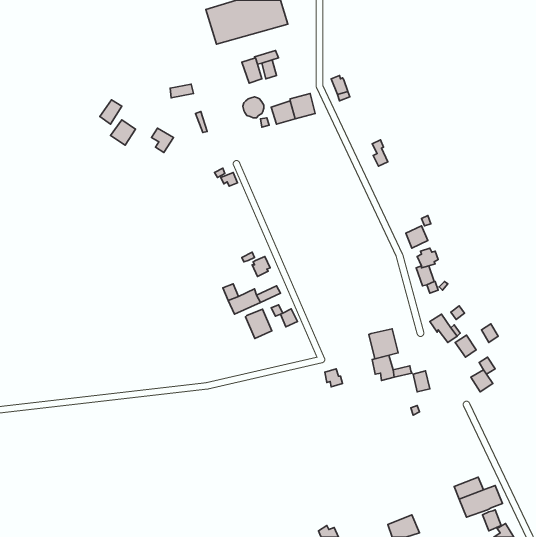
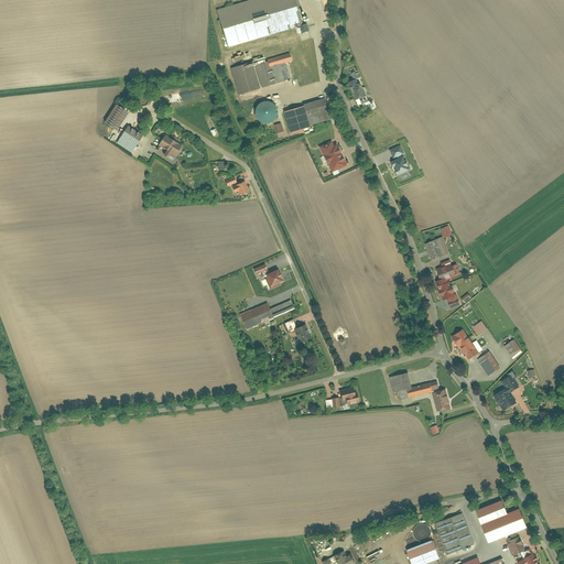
building: none -> [230,62,259,95]
building: none -> [318,141,346,172]
building: [245,309,272,338] -> none
building: [369,329,398,359] -> none
building: none -> [434,512,474,554]

